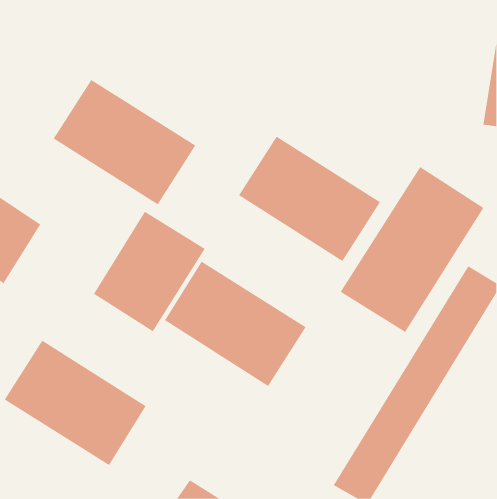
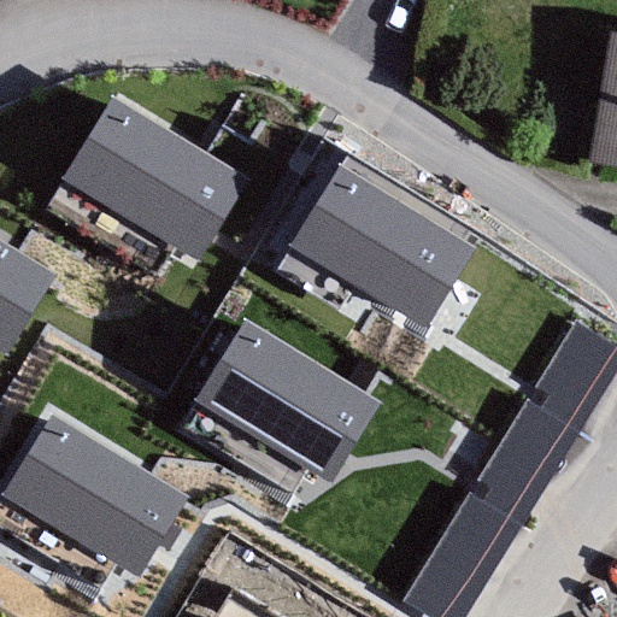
building: [340,166,484,333] -> none
building: [93,211,206,332] -> none

